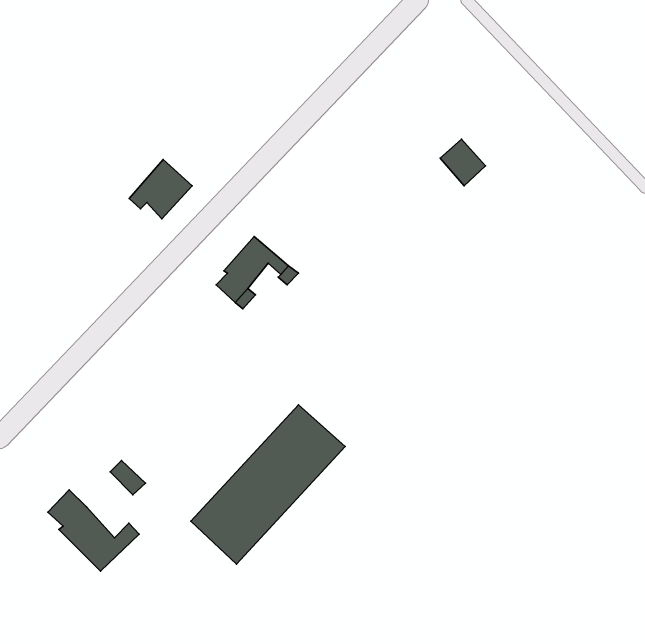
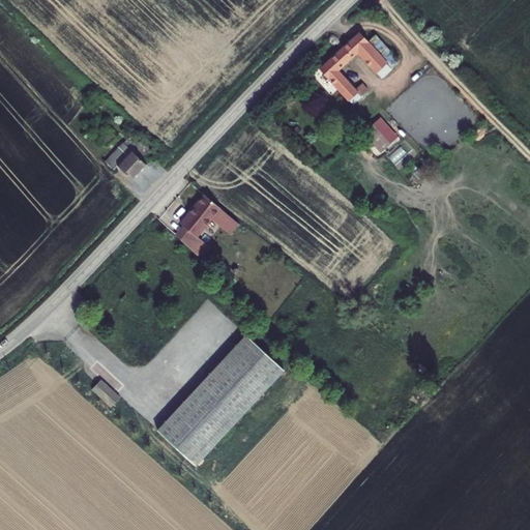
building: none -> [319,35,402,108]
building: [48,490,139,571] -> none

